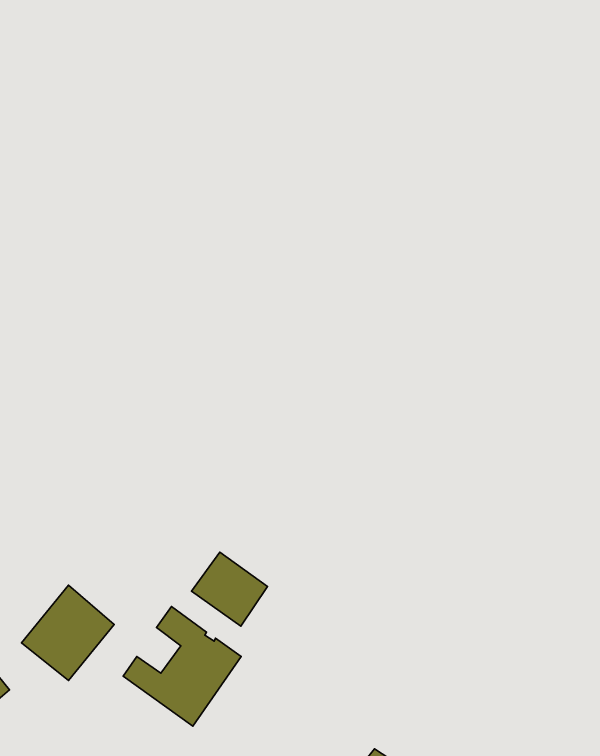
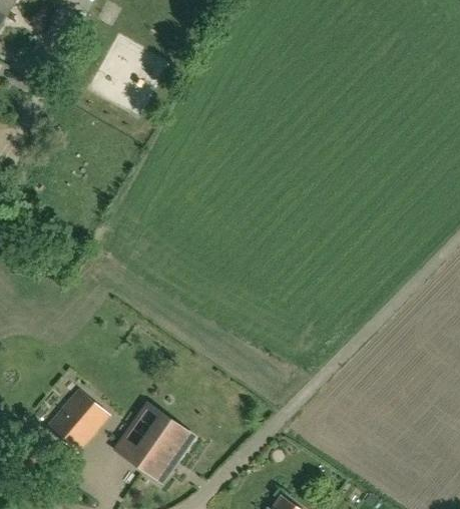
building: [192,552,267,626] -> none

